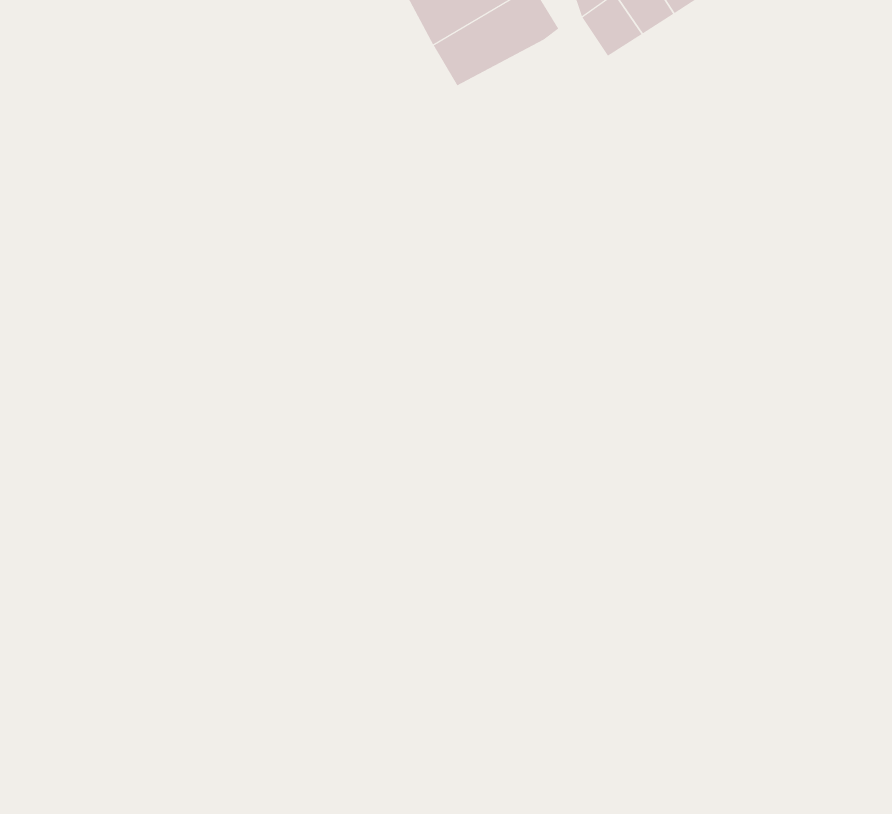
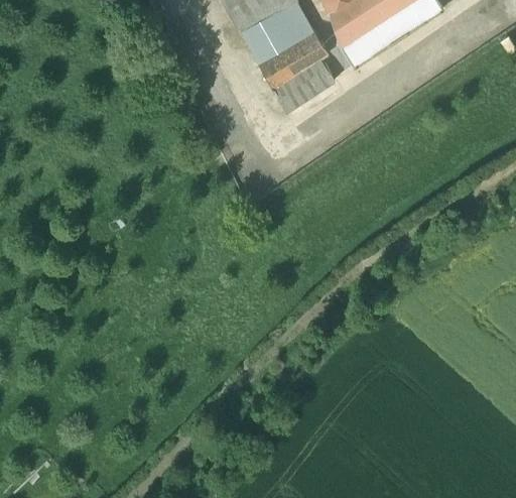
building: none -> [269,55,330,106]

